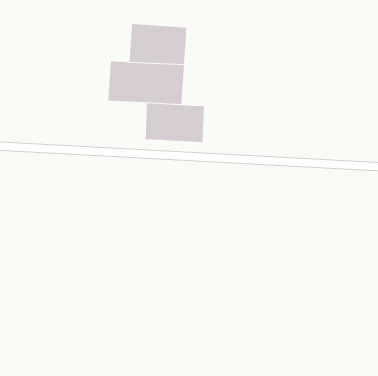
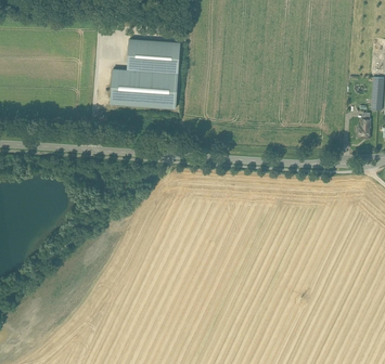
building: [145,103,204,143] -> none

